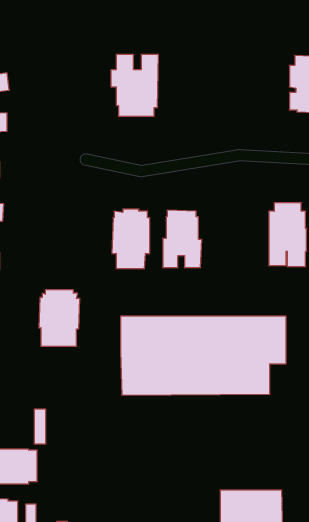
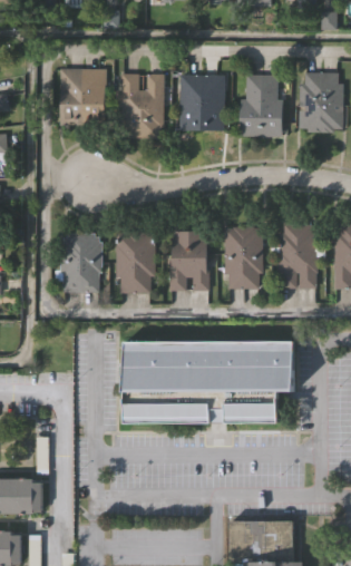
building: none -> [60,67,106,125]
building: none -> [182,74,228,128]
building: none -> [240,76,283,138]
building: none -> [224,228,262,291]
building: [39,290,80,346] -> [61,234,104,292]

